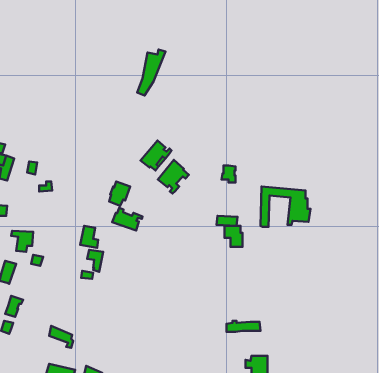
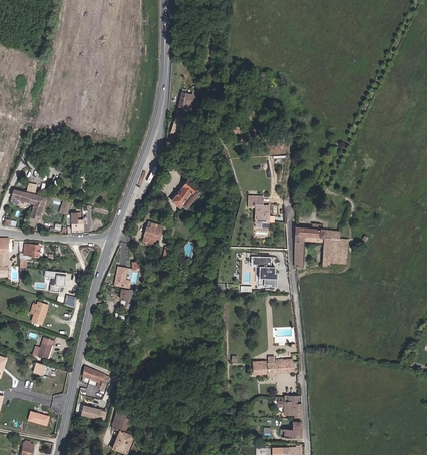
building: [158,160,189,193] -> none
building: [112,208,142,231] -> none

